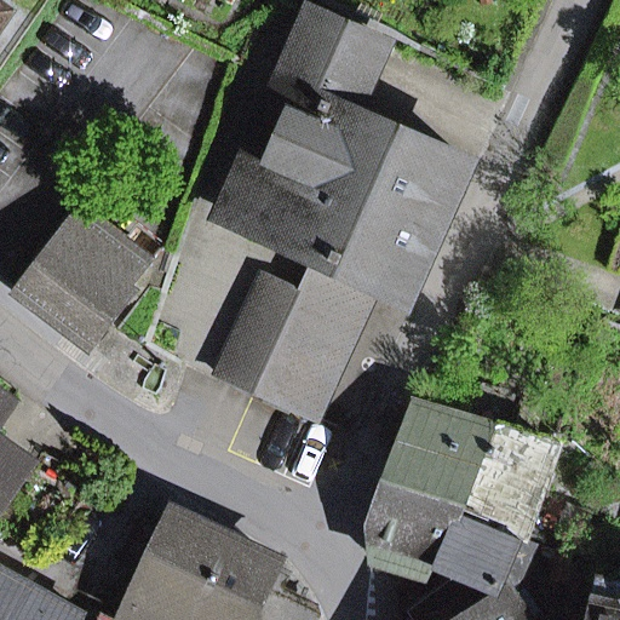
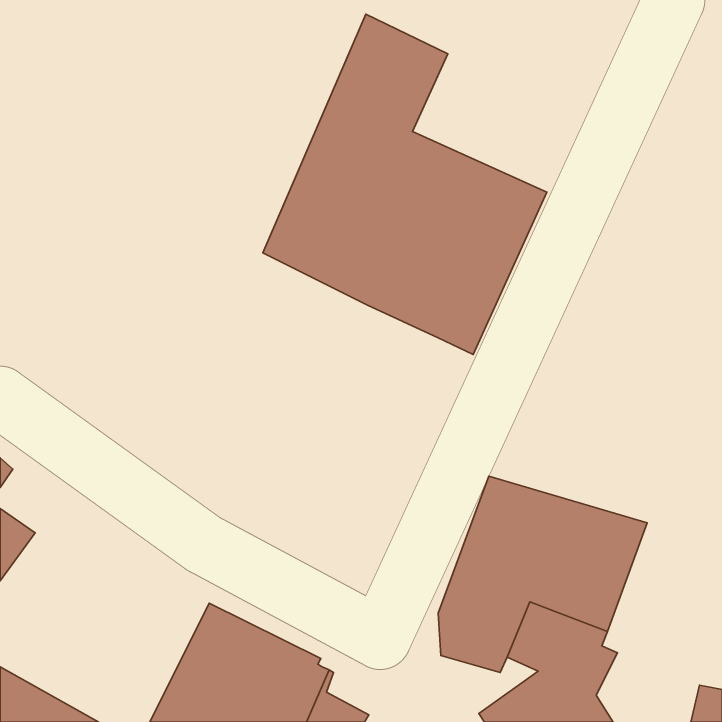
building: [22,213,147,346] -> none
building: [220,262,375,420] -> none

